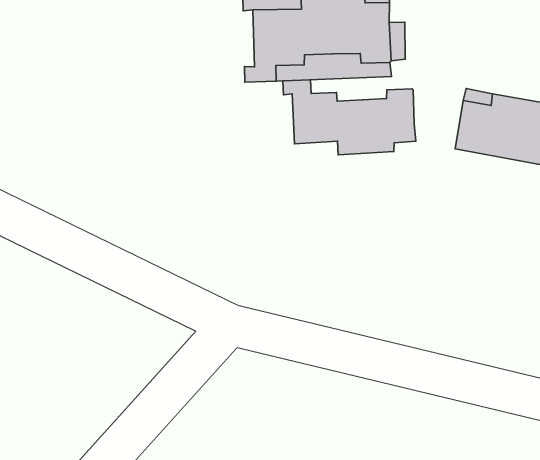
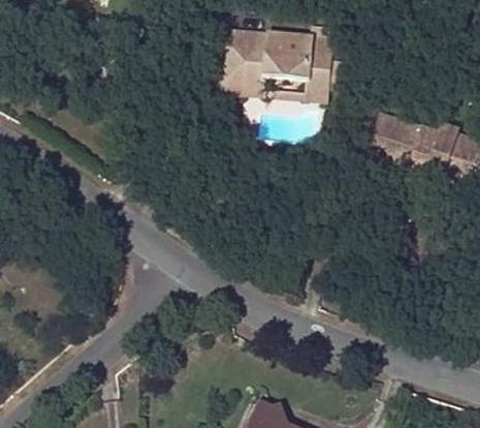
building: [283,80,416,155] -> none

